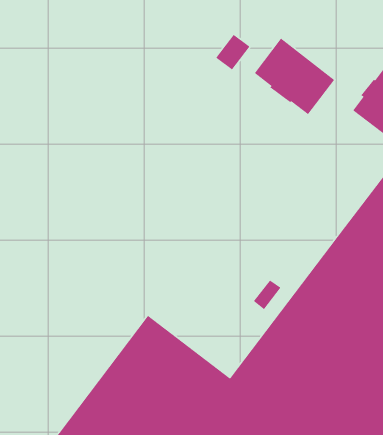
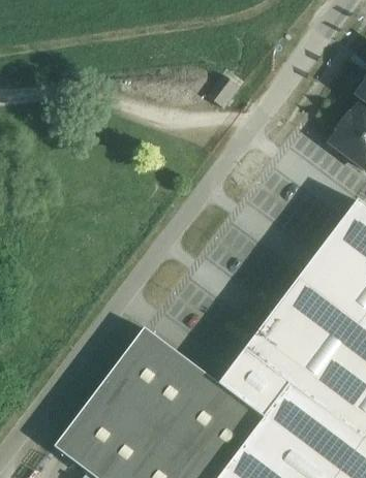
building: [254,38,335,115] -> none

